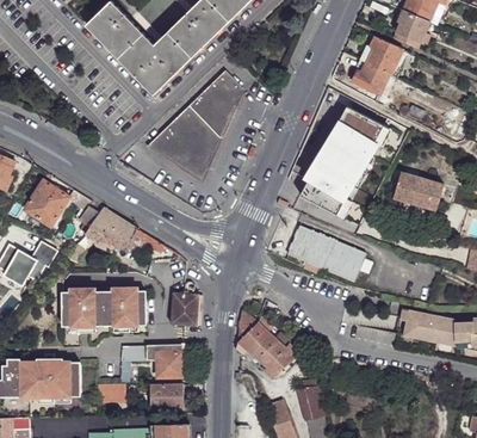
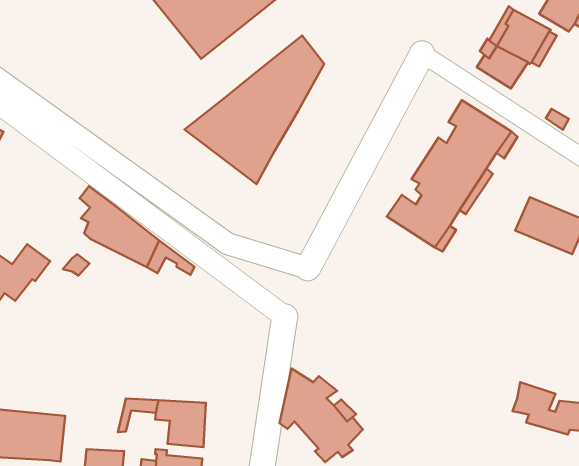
building: [25,181,69,226] -> none
building: [289,227,372,282] -> none
building: [171,280,198,326] -> none
building: [61,290,145,326] -> none

